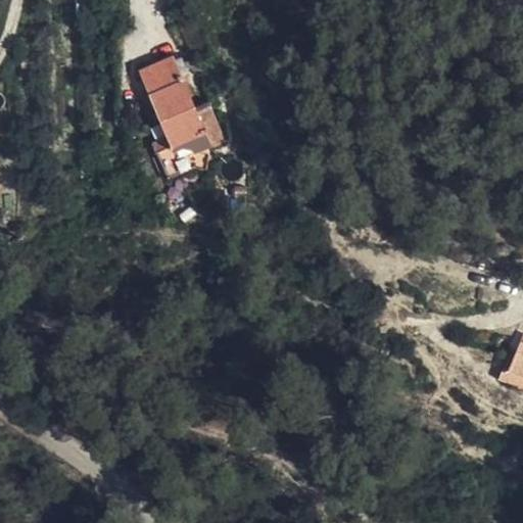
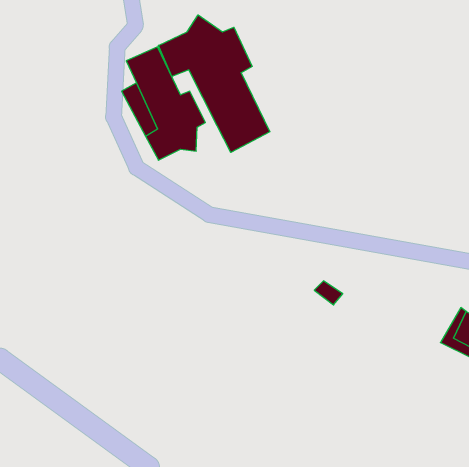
building: none -> [158,15,270,152]

